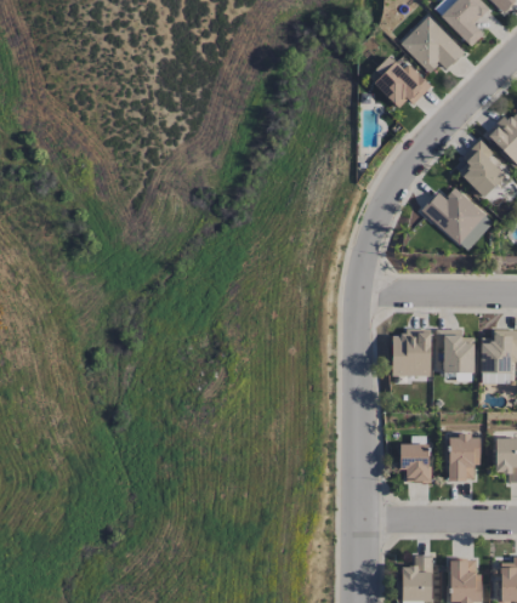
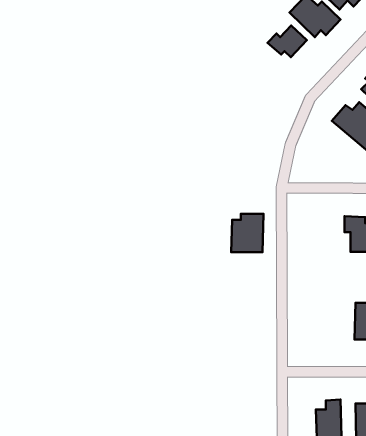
building: none -> [268,25,307,57]
building: [392,329,432,376] -> [231,214,264,252]
building: [399,443,431,483] -> none

